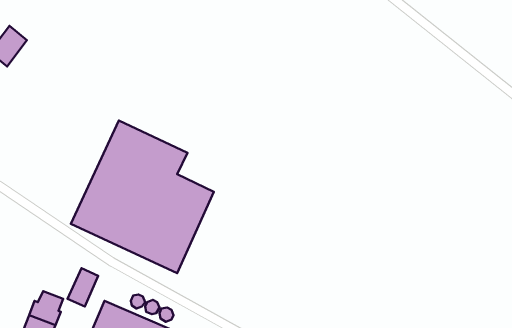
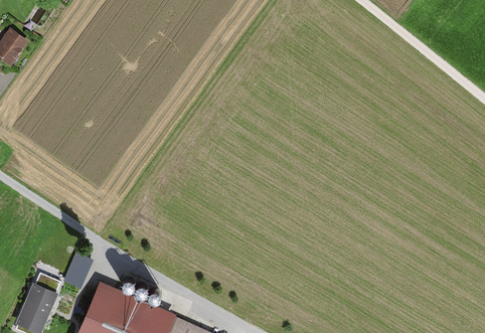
building: [71,121,214,273] -> none

